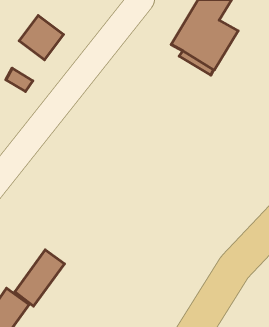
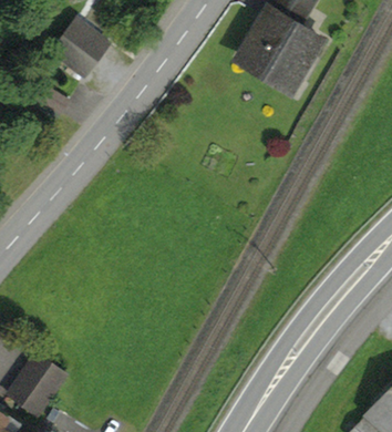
building: [15,250,65,306] -> none

